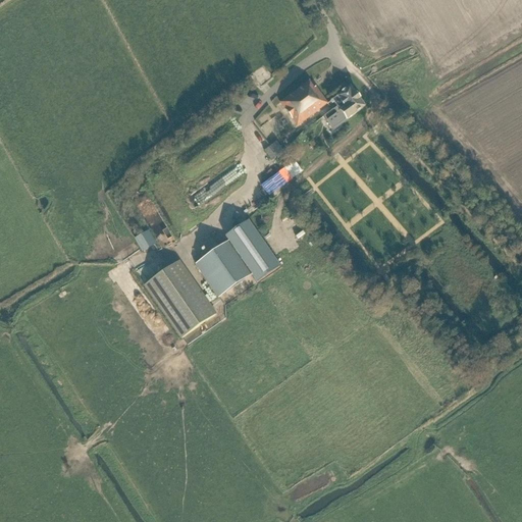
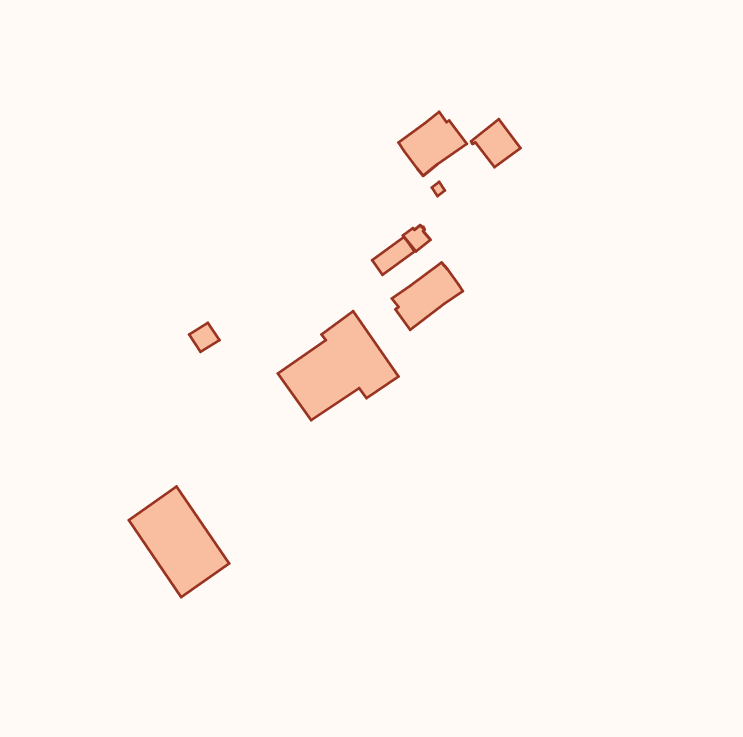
building: none -> [392,262,463,330]
building: [145,258,215,335] -> [129,487,229,597]

